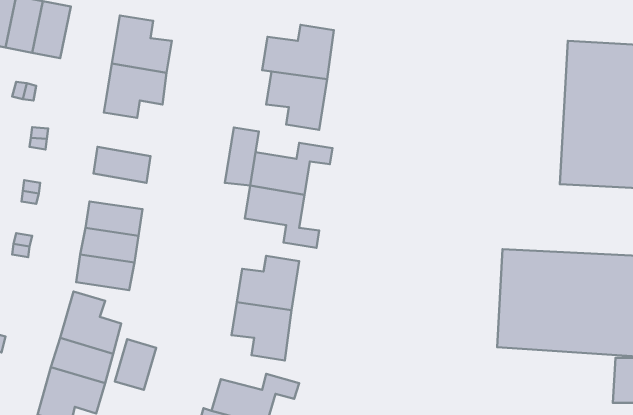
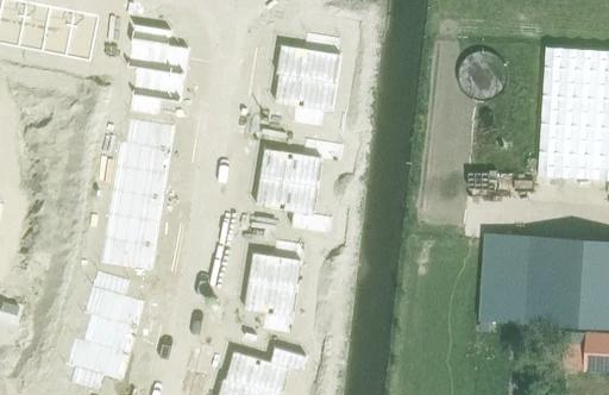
building: none -> [124,118,176,151]
building: [225,127,259,185] -> none
building: none -> [117,167,168,199]
building: [115,339,156,390] -> none

